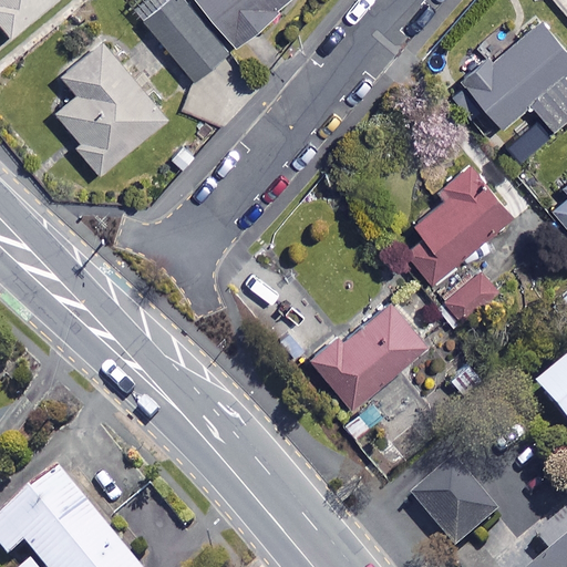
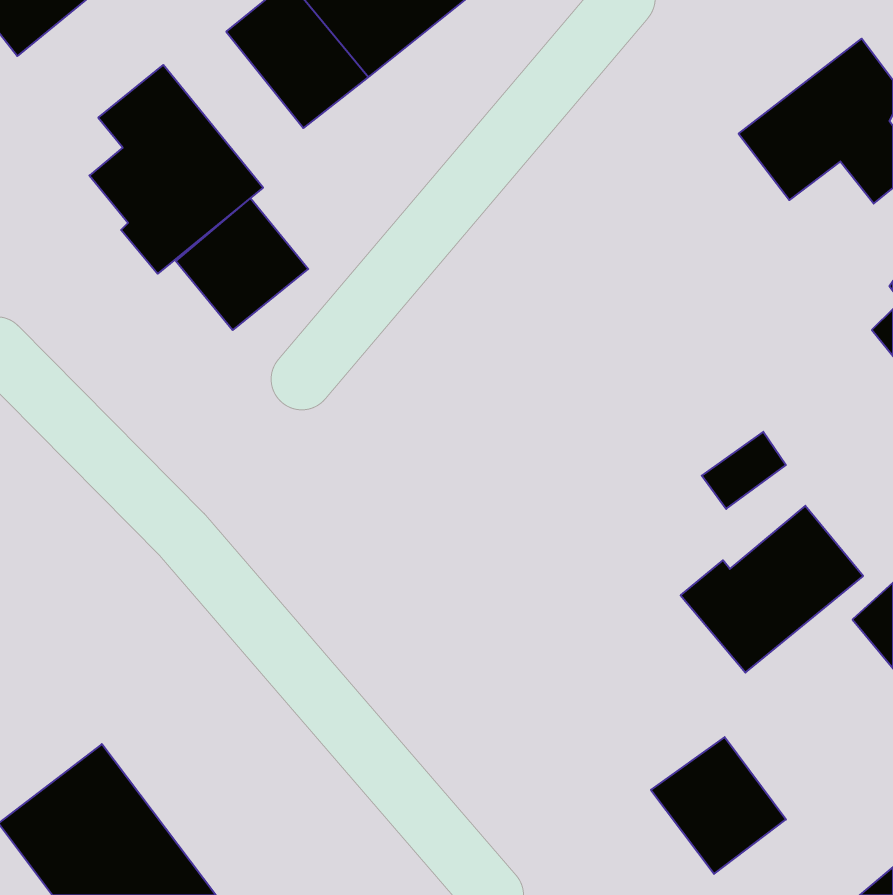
building: none -> [176,198,308,330]
building: [408,165,511,279] -> none
building: [311,302,426,408] -> [681,506,863,673]

